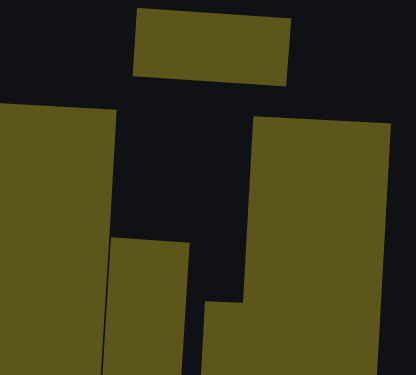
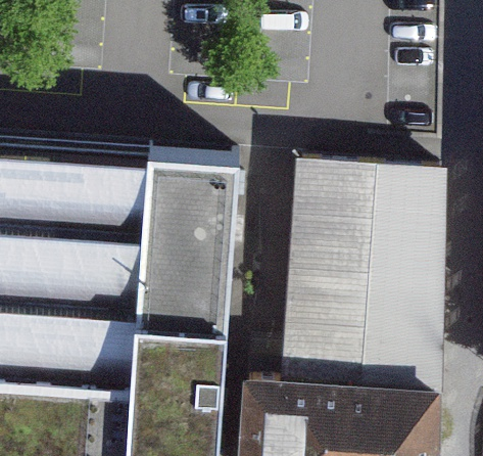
building: [132,7,292,87] -> none
building: none -> [136,148,237,298]

